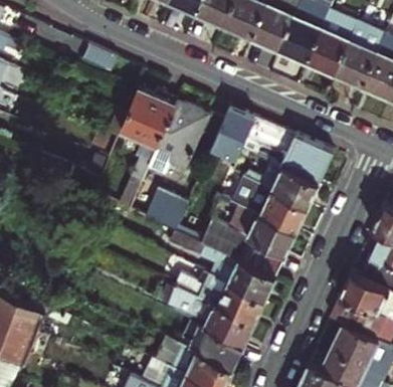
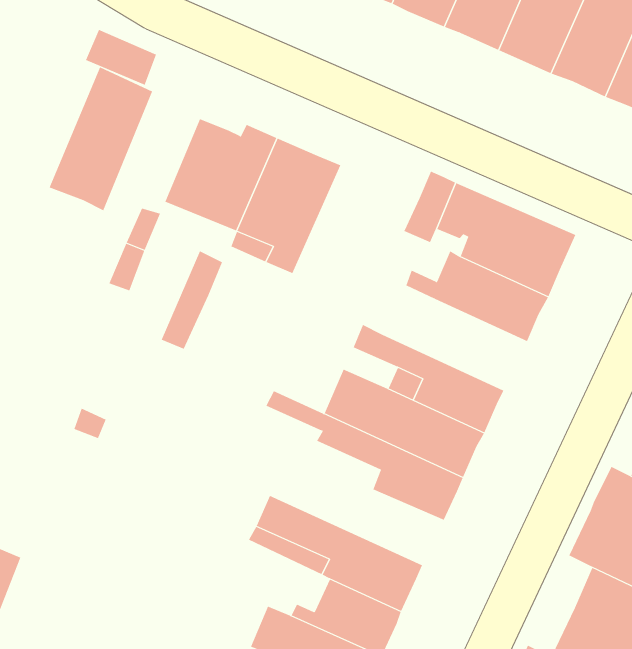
building: none -> [49,66,153,211]
building: [209,120,250,165] -> none
building: [231,177,307,231] -> none
building: [129,182,187,231] -> none
building: [173,273,263,322] -> none

